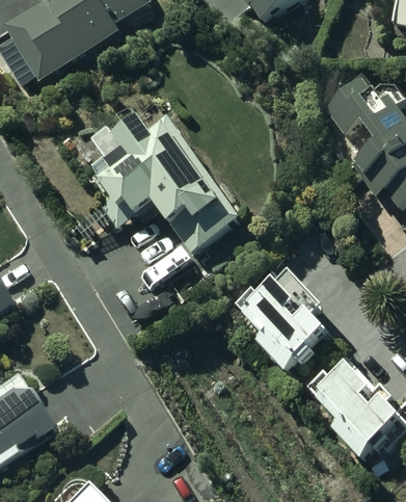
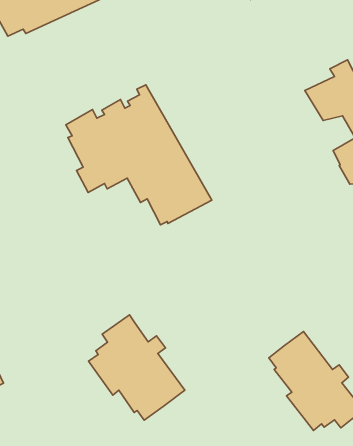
building: [234,267,330,376] -> none
building: none -> [88,315,185,420]

